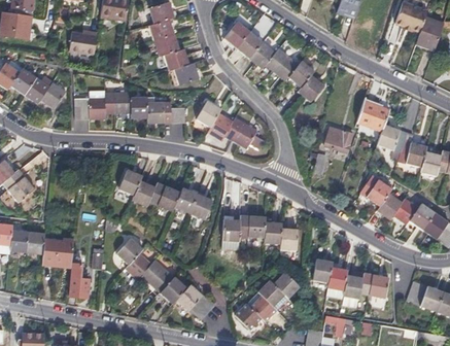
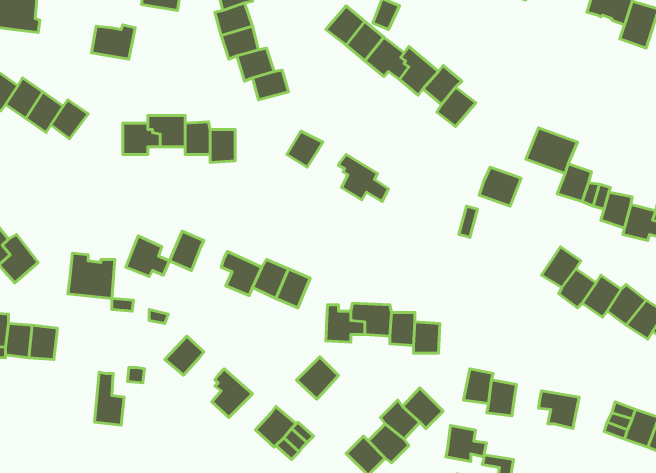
building: [208,115,237,140] -> none
building: [132,179,161,206] -> [126,236,170,277]
building: [42,235,73,265] -> [68,253,115,299]
building: [125,252,153,281] -> none
building: [344,275,371,299] -> [446,426,486,462]
building: [159,276,186,304] -> [296,357,339,399]

